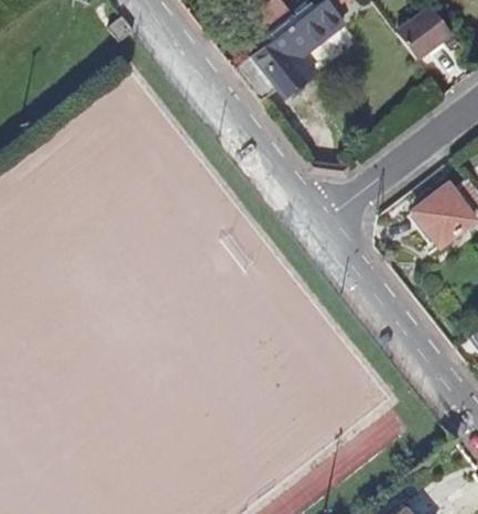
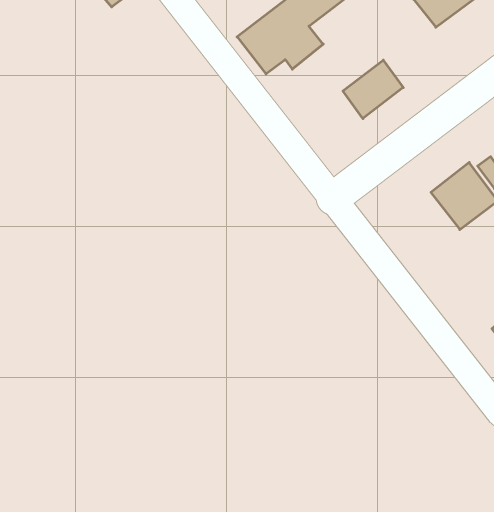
building: none -> [343,60,403,119]

